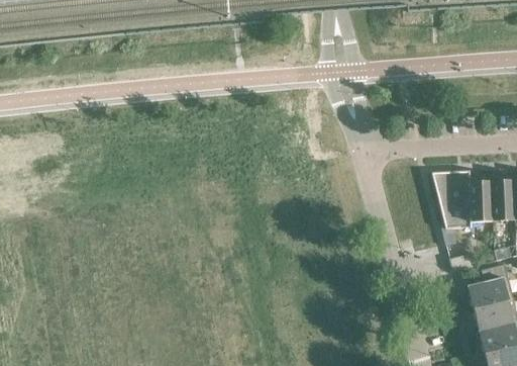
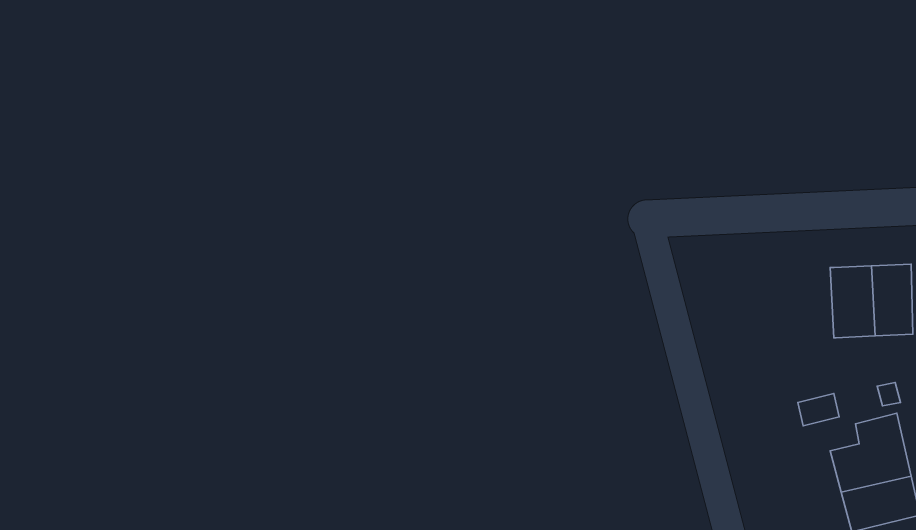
building: [431,171,472,228] -> none

